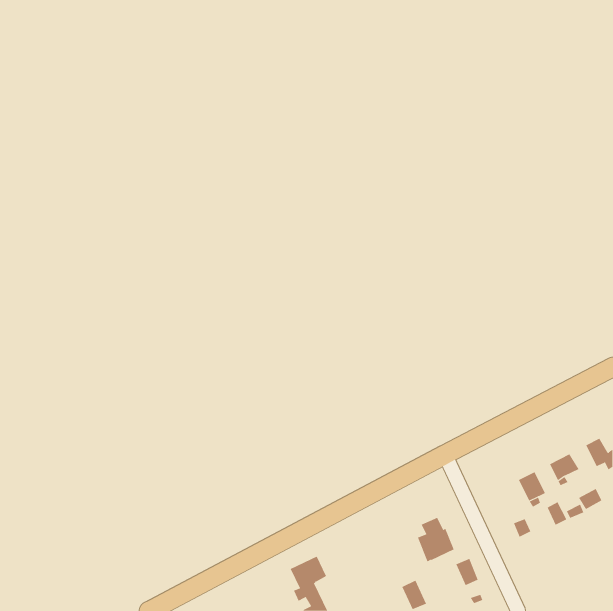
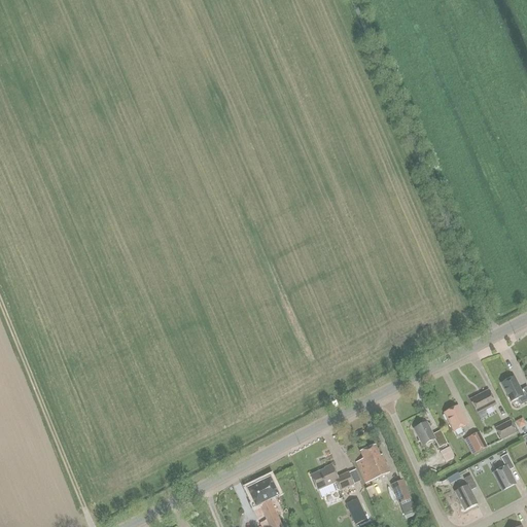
building: none -> [414,420,447,446]
building: none -> [493,452,515,488]
building: none -> [311,462,353,495]
building: none -> [454,473,477,508]

